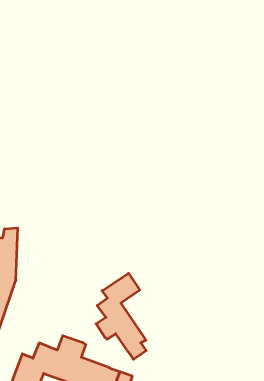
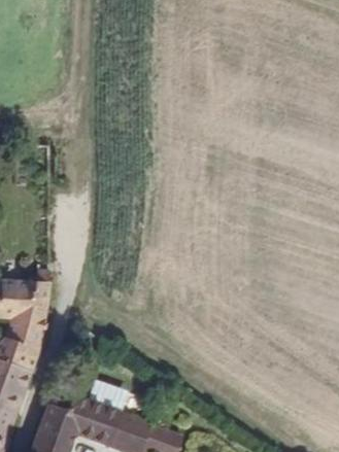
building: [96,273,146,359] -> none

